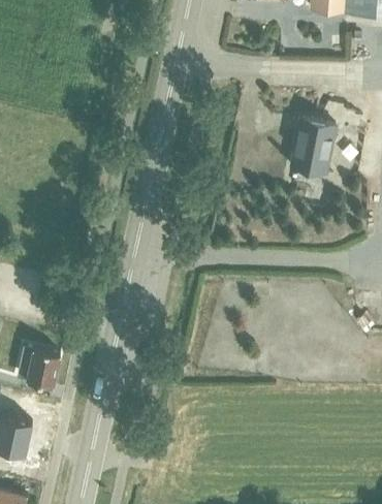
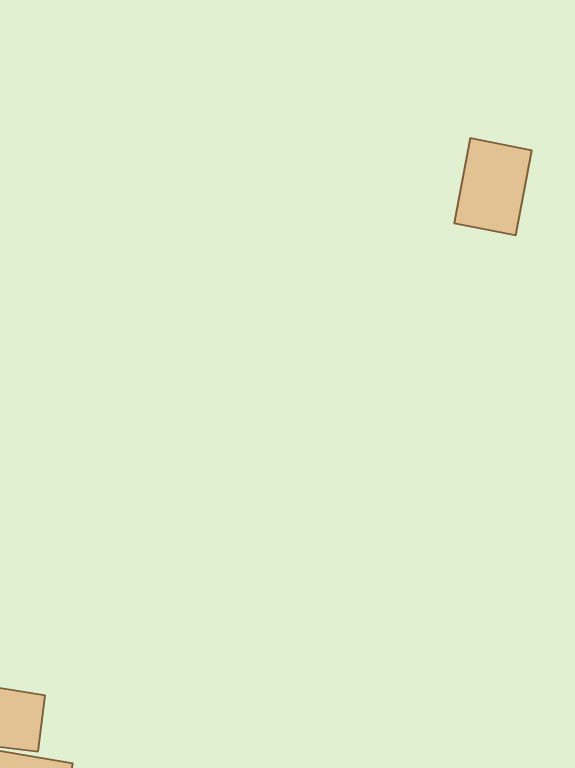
building: [20,346,62,386] -> none

